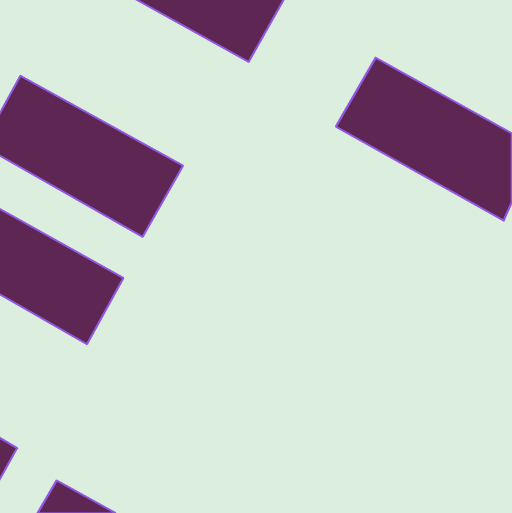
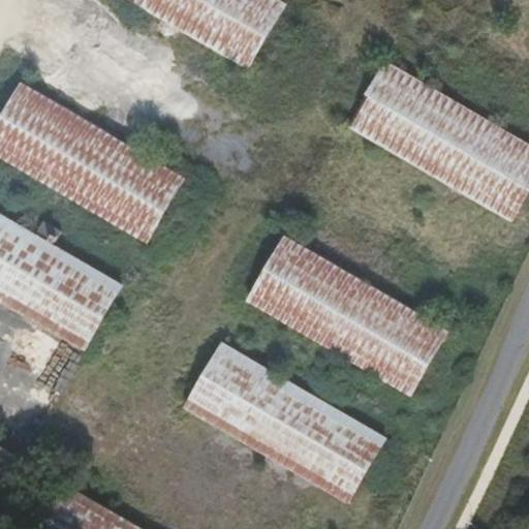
building: none -> [241,234,449,396]
building: none -> [184,343,383,495]

